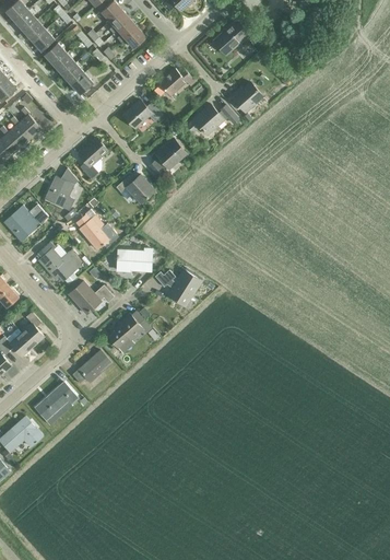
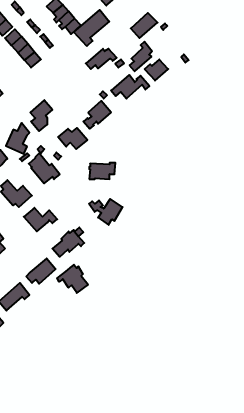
building: none -> [74,10,109,46]
building: none -> [130,42,152,71]
building: [122,101,162,128] -> none
building: [116,249,151,271] -> [89,163,115,179]
building: none -> [57,265,88,293]

